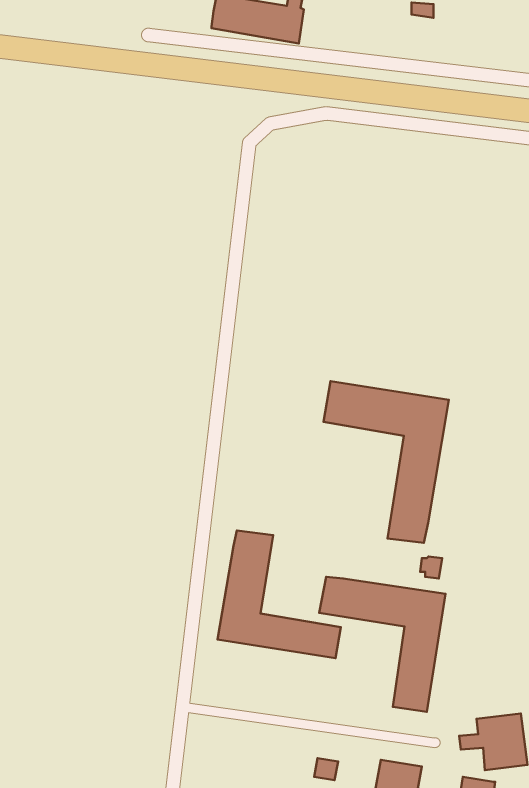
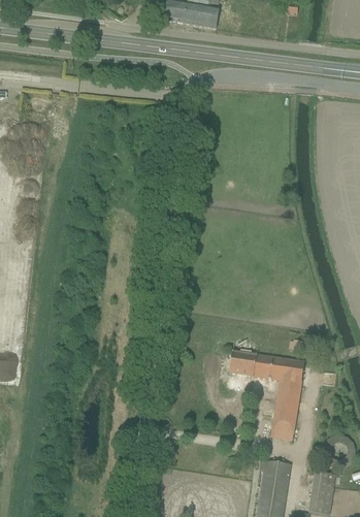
building: [323,381,449,543] -> none
building: [218,530,341,658] -> none

